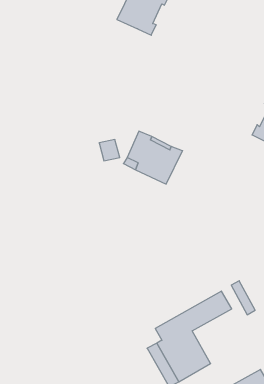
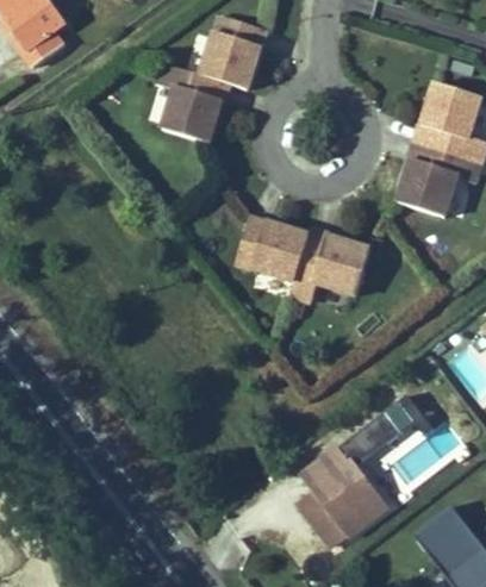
building: none -> [156,62,229,142]
building: none -> [291,226,370,300]

